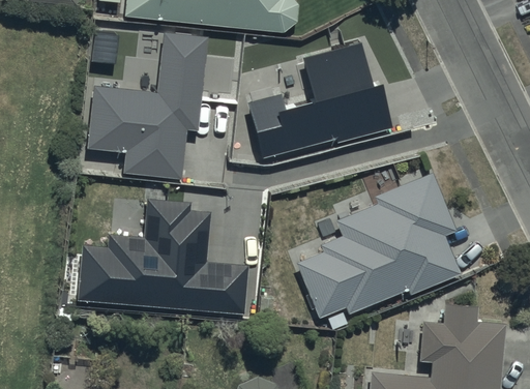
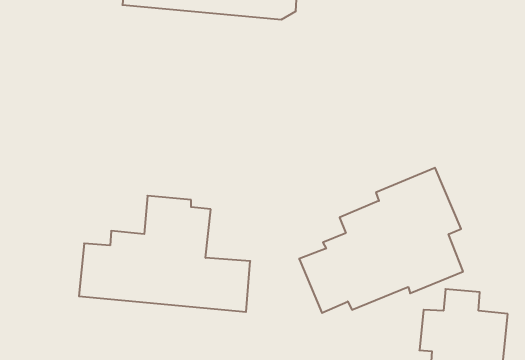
building: [90,35,209,181] -> none
building: [247,44,393,159] -> none

